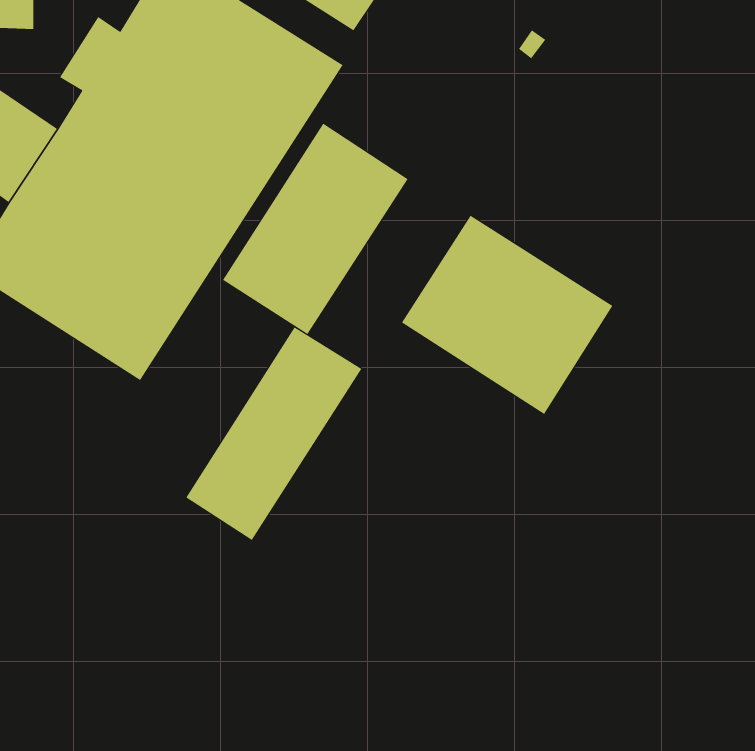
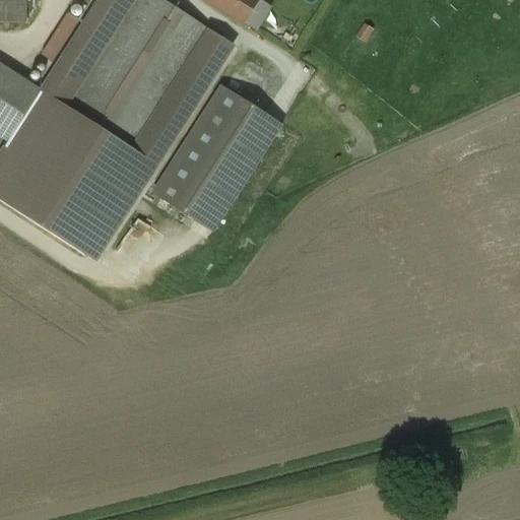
building: [401,215,613,415] -> none
building: [185,326,362,541] -> none

